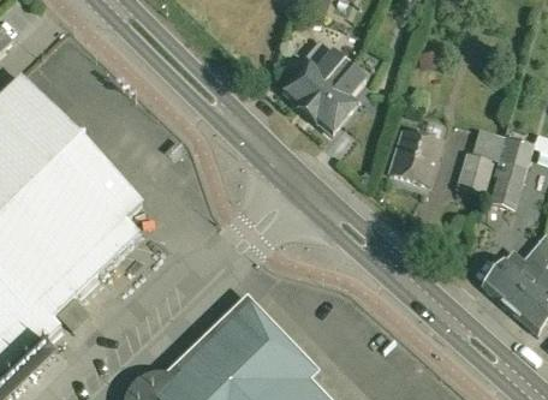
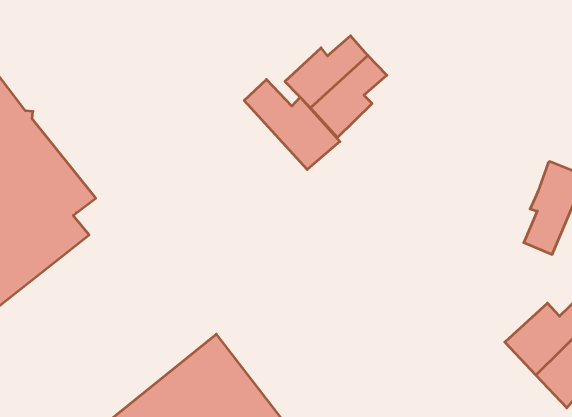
building: none -> [244,79,340,170]
building: [389,119,443,183] -> none
building: [455,127,504,196] -> none

